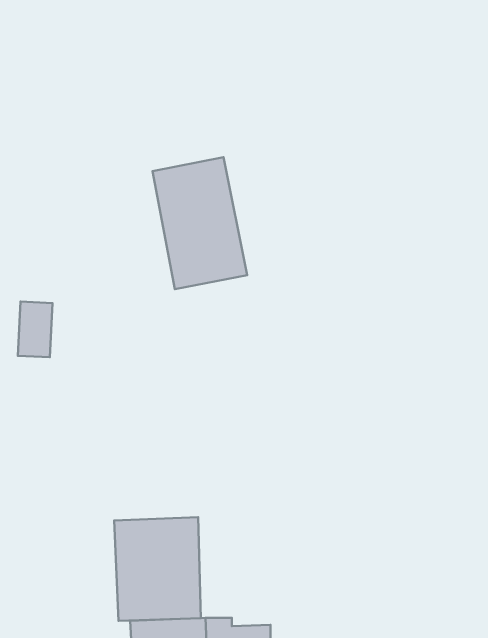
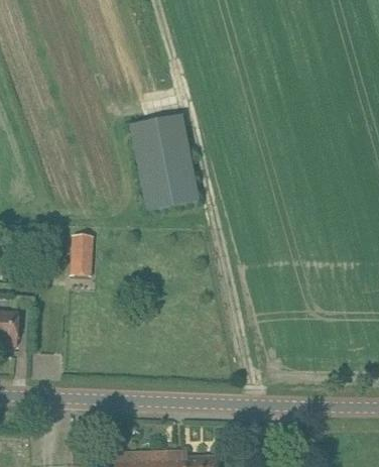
building: [18,302,52,357] -> [69,234,94,274]
building: [114,517,201,621] -> none

